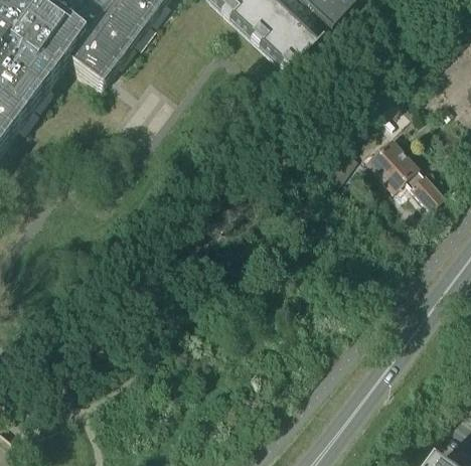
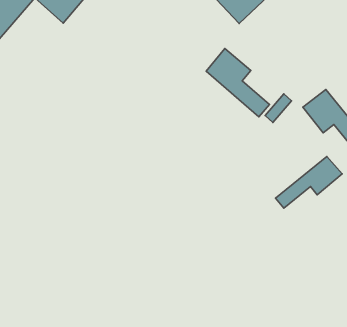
building: none -> [206,49,269,117]
building: none -> [276,157,342,208]

